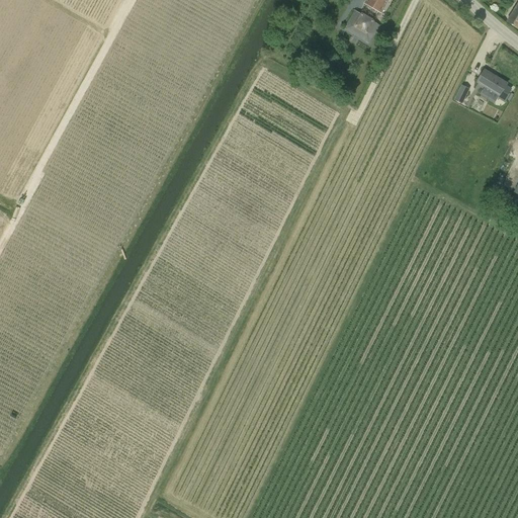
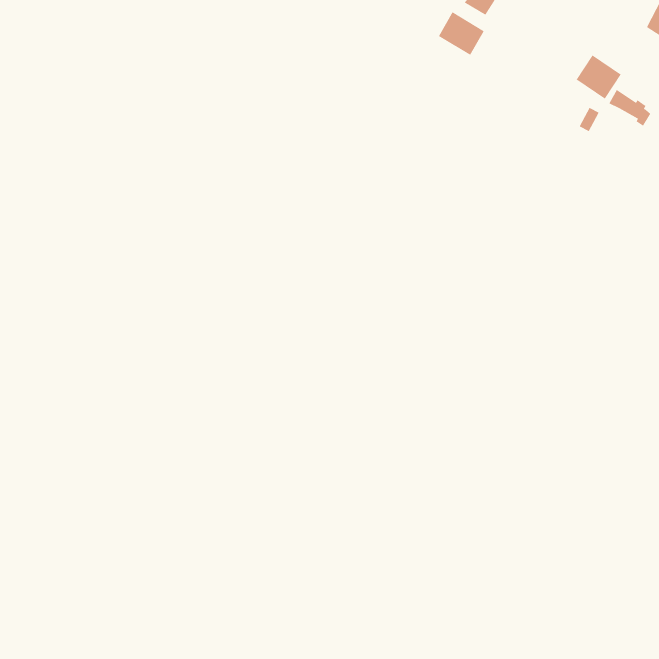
building: none -> [576,54,622,99]

